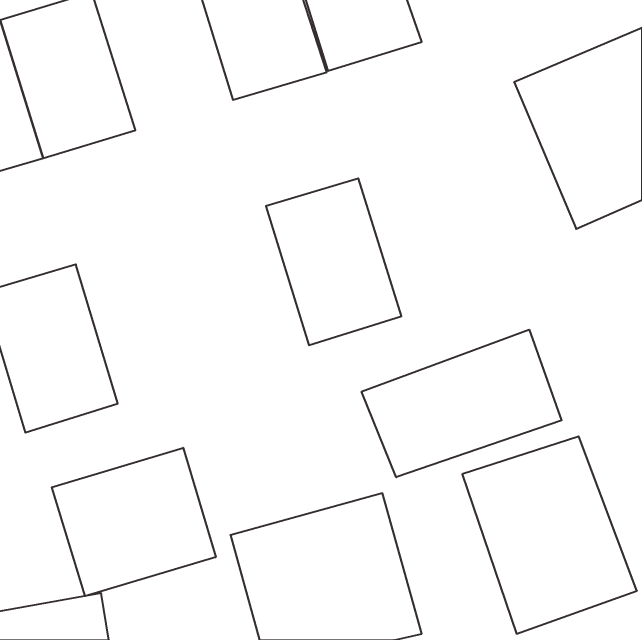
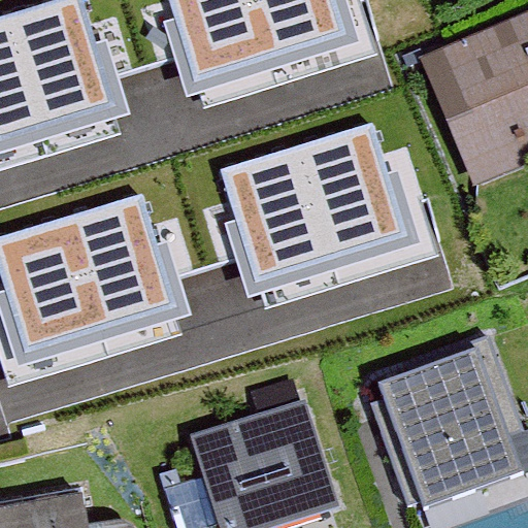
building: none -> [292,122,402,258]
building: none -> [62,193,171,329]
building: [362,330,562,477] -> none
building: [52,448,216,596] -> none

